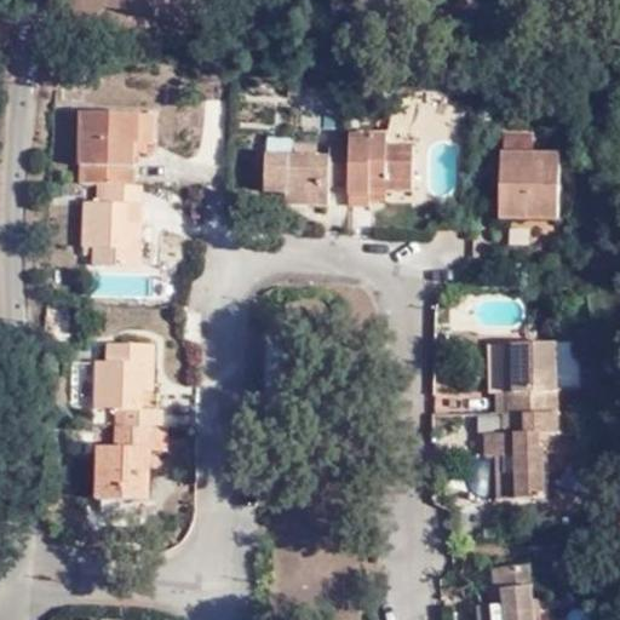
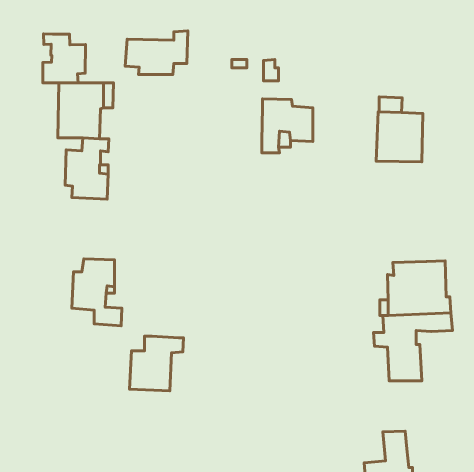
building: none -> [43,34,86,83]
building: [260,145,341,202] -> [125,31,188,75]
building: [93,426,163,498] -> [130,336,184,391]

